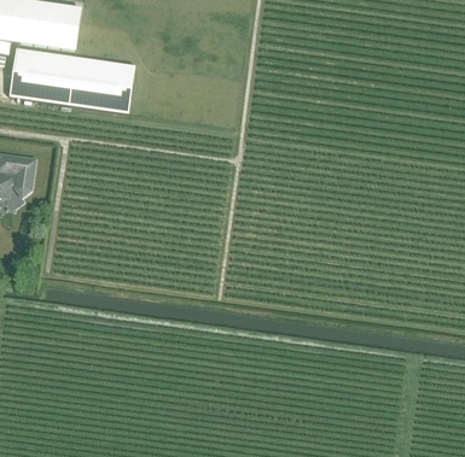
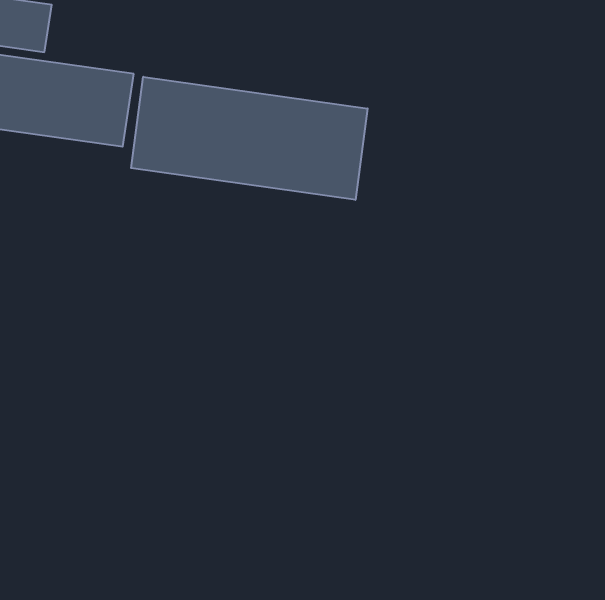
building: none -> [131,77,368,200]

